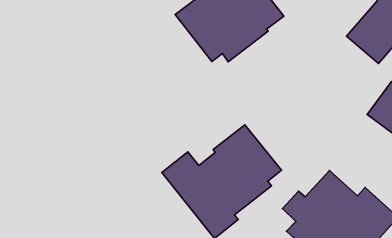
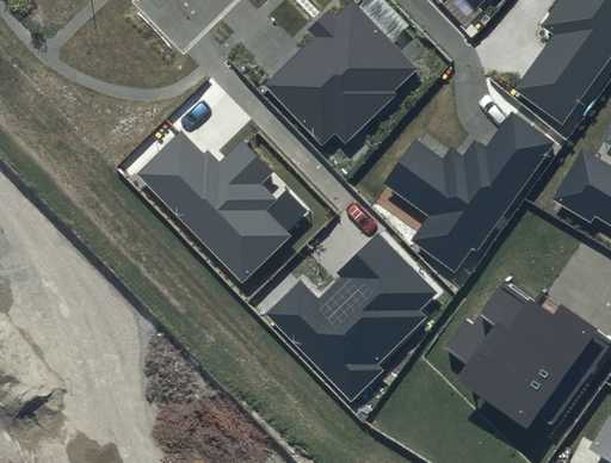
building: none -> [138,132,290,280]
building: none -> [384,112,555,272]

